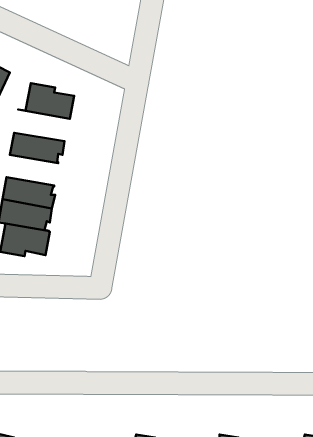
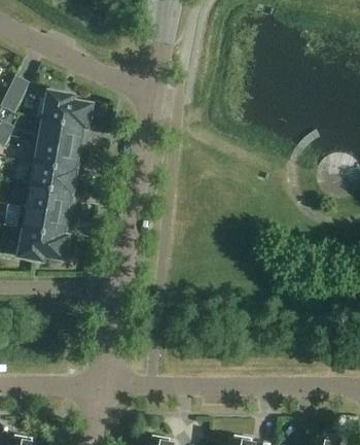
building: none -> [32,118,86,149]
building: none -> [25,163,75,193]

